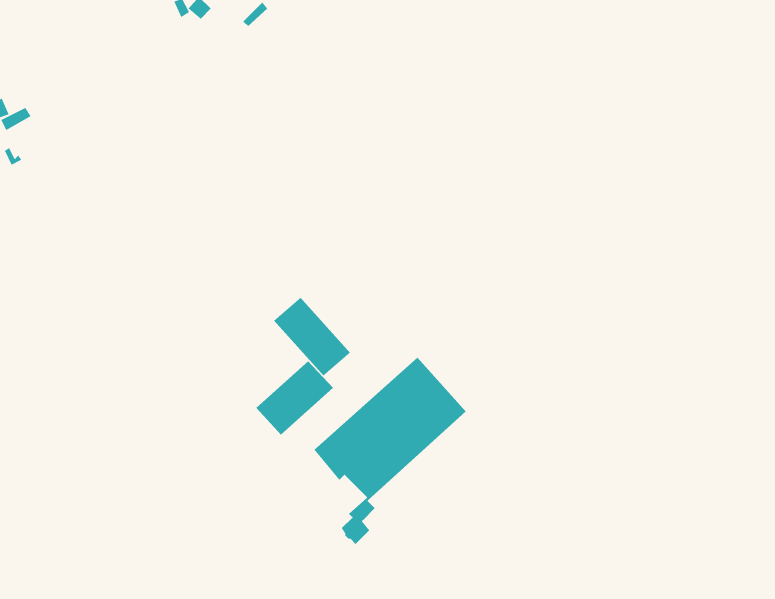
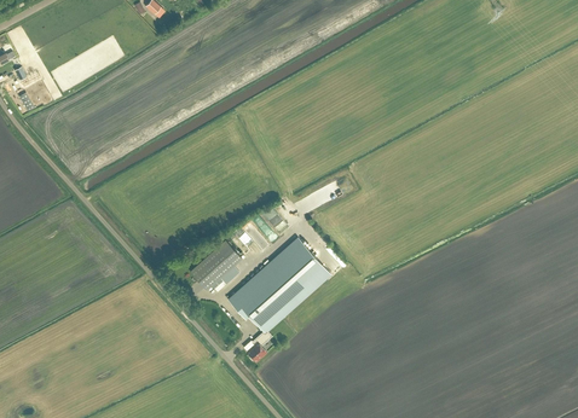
building: [273,297,351,377] -> none

